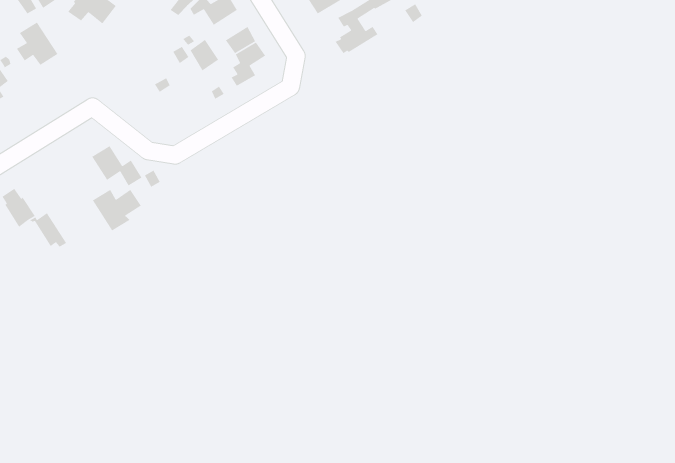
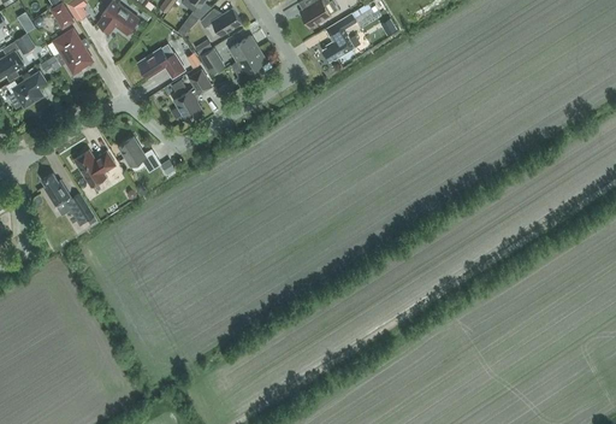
building: none -> [141,48,185,78]
building: none -> [174,71,212,122]
building: [92,189,142,231] -> [75,151,117,187]

